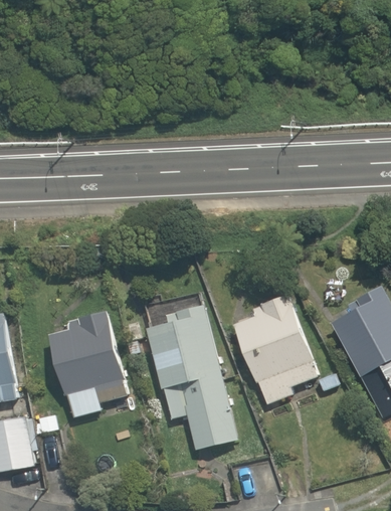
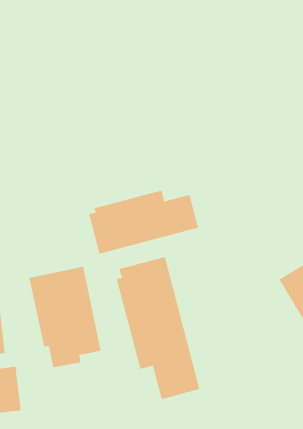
building: none -> [88,190,199,255]
building: [232,287,322,405] -> none

